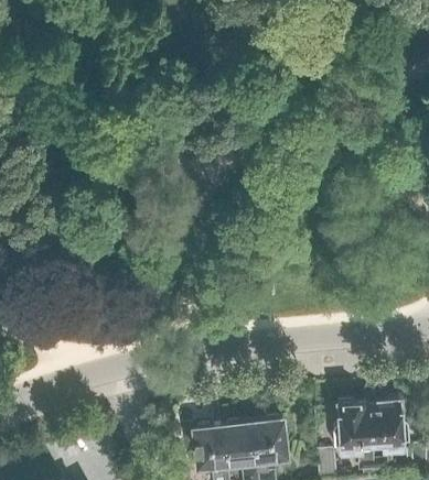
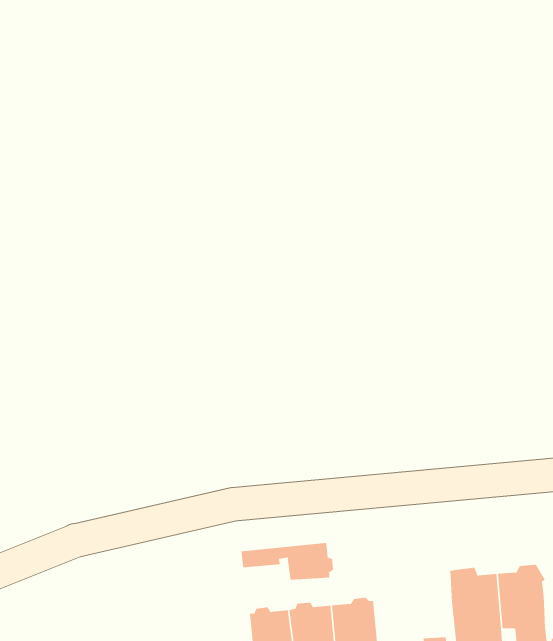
building: none -> [241,542,333,581]

